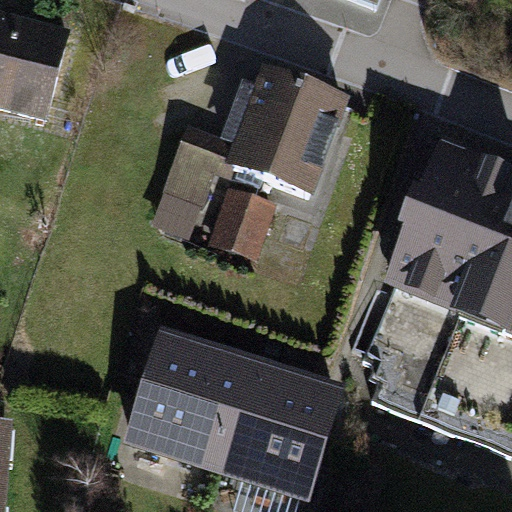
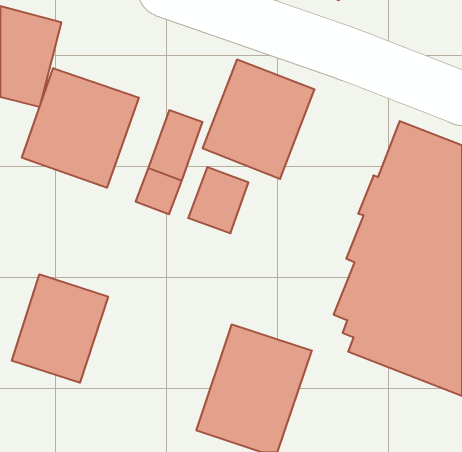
building: none -> [22,68,139,188]
building: none -> [12,274,108,383]
building: [123,328,256,476] -> none

